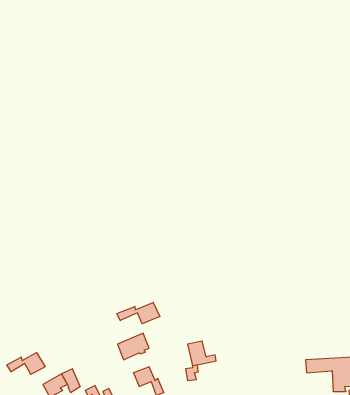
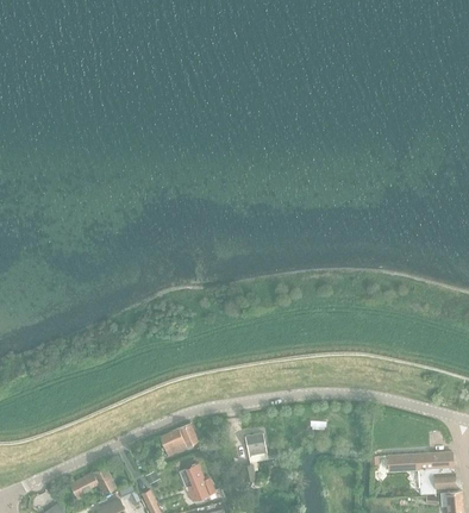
building: [117,302,160,324] -> none
building: [7,353,45,374] -> none

